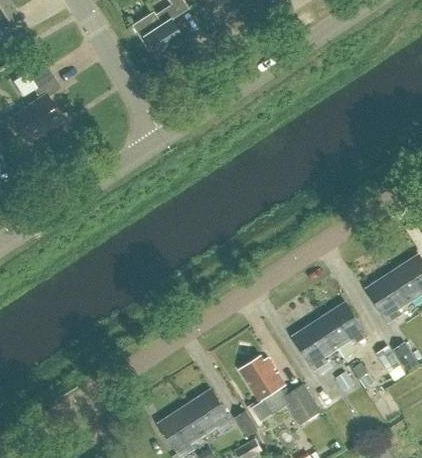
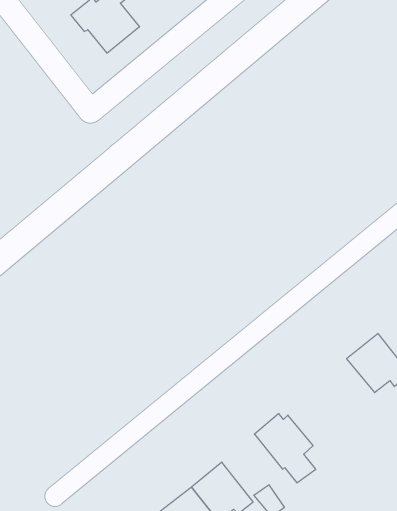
building: [293,318,338,369] -> none
building: [282,382,321,424] -> none

